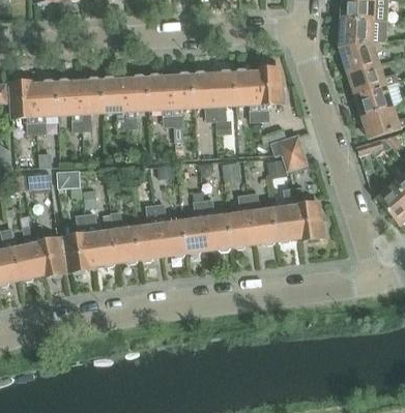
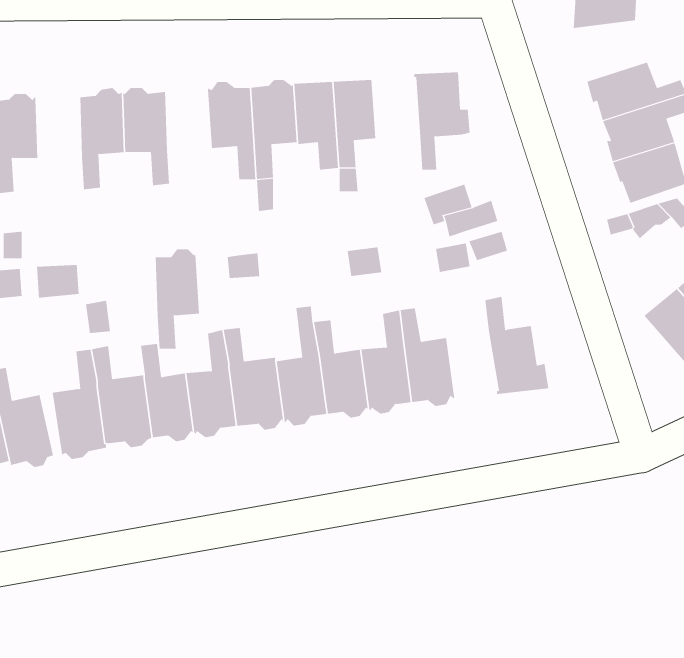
building: [340,41,379,73] -> none
building: [234,69,260,121] -> none
building: [125,75,149,127] -> [155,249,200,349]
building: [57,82,81,114] -> none
building: [273,188,300,242] -> none

